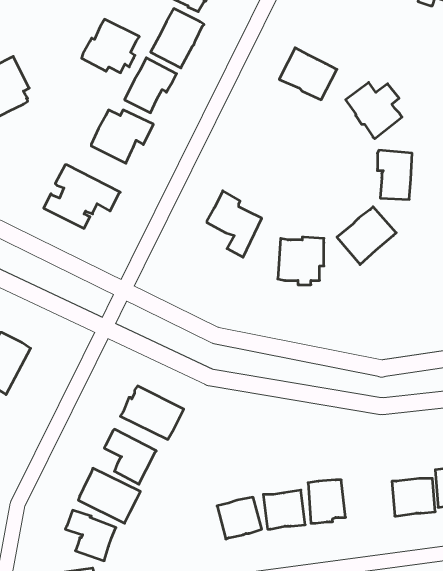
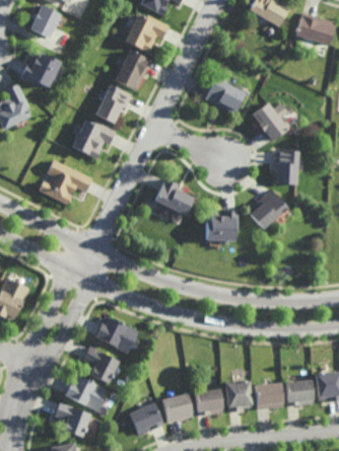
building: [82,19,139,73] -> [20,50,61,87]
building: none -> [255,383,284,409]
building: none -> [130,402,164,435]

